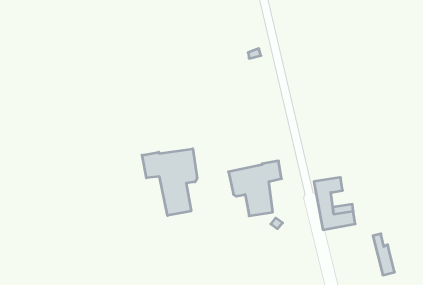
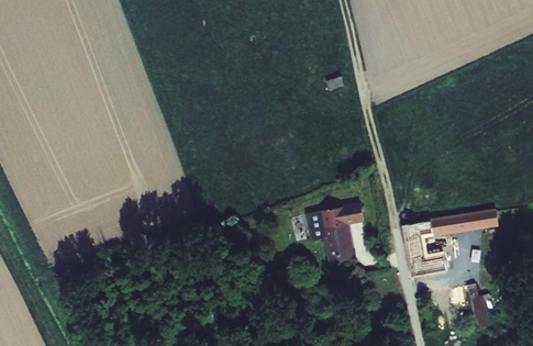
building: [142,149,197,216] -> none
building: none -> [430,209,499,237]

